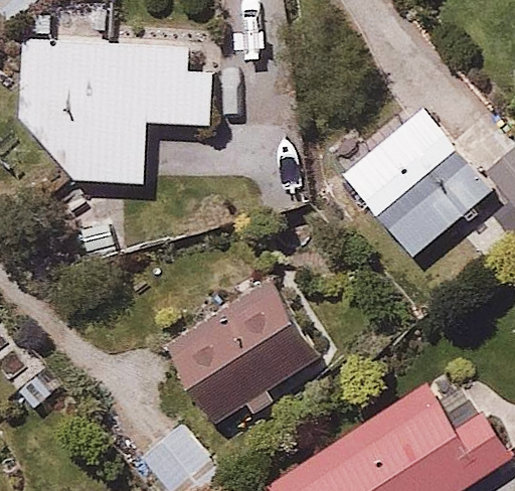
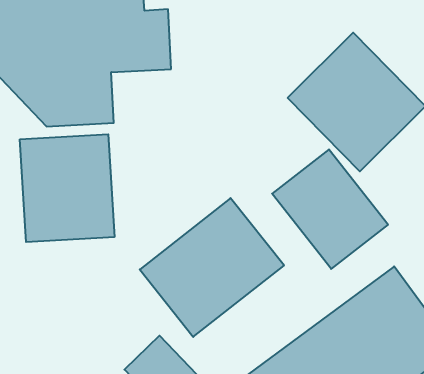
building: none -> [20,134,114,242]
building: none -> [272,149,388,269]

